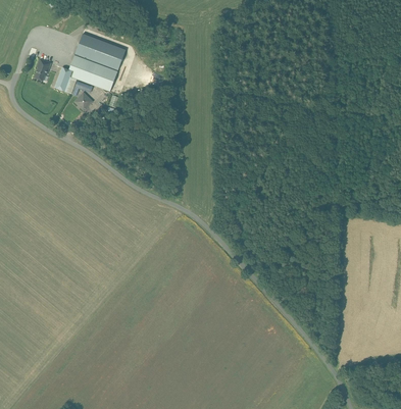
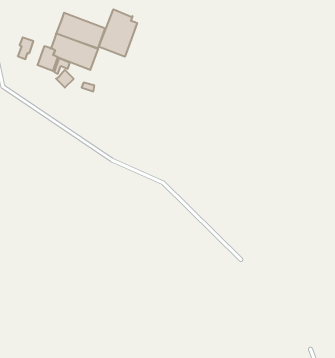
building: none -> [99,9,137,57]

